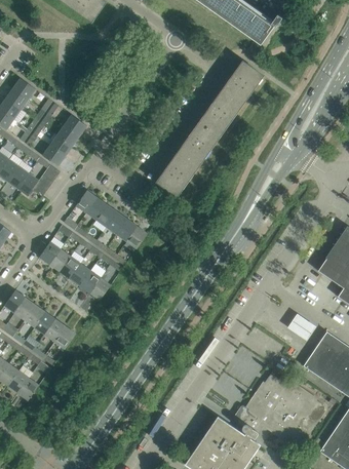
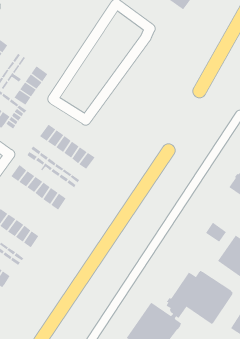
building: [157,61,264,196] -> none

